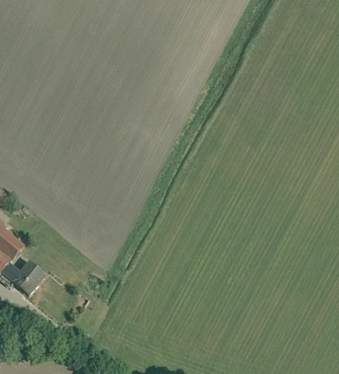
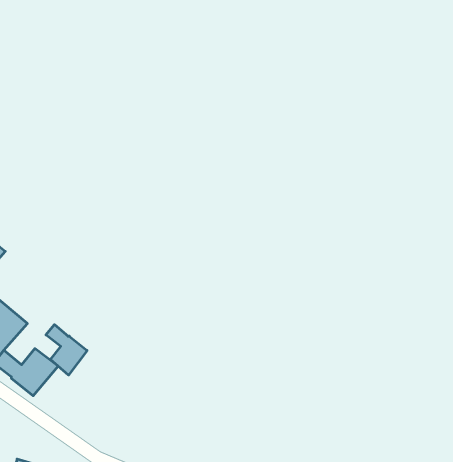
building: none -> [46,325,87,375]

